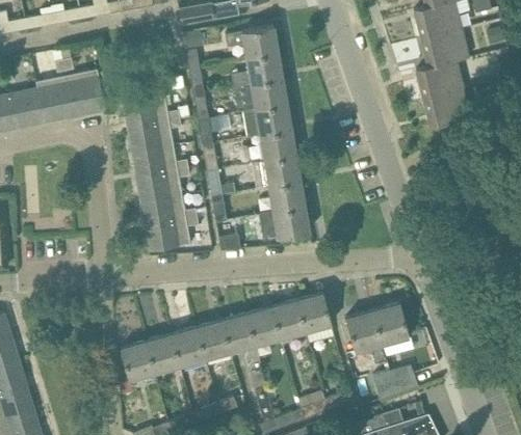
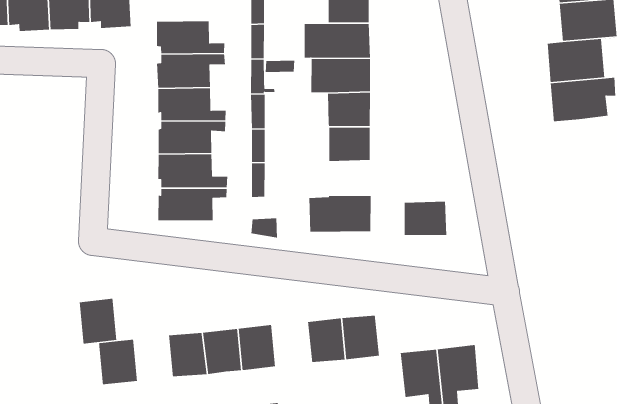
building: [268,180,305,211] -> [404,201,447,236]
building: [246,307,282,350] -> none
building: [146,334,179,373] -> [79,298,117,344]

